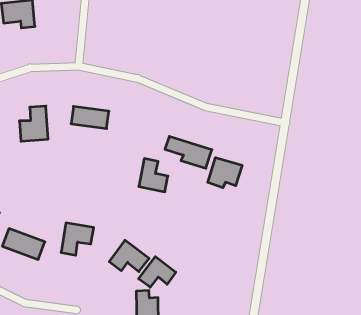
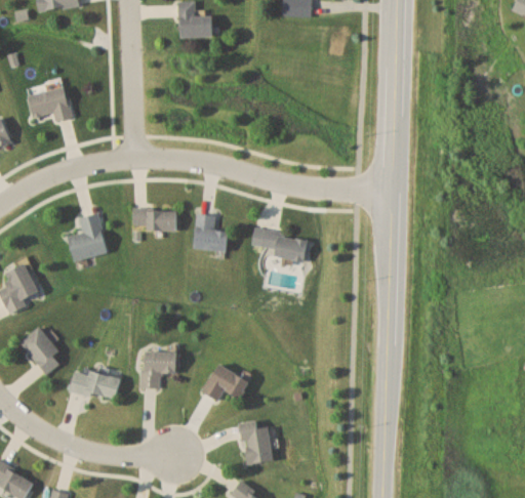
building: [208,158,242,188] -> none
building: [139,159,168,192] -> [194,213,228,250]
building: [139,257,176,287] -> none

